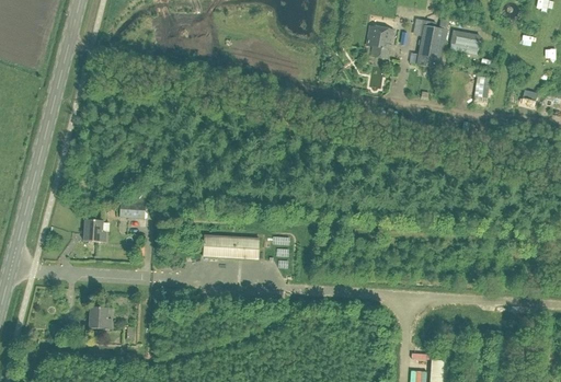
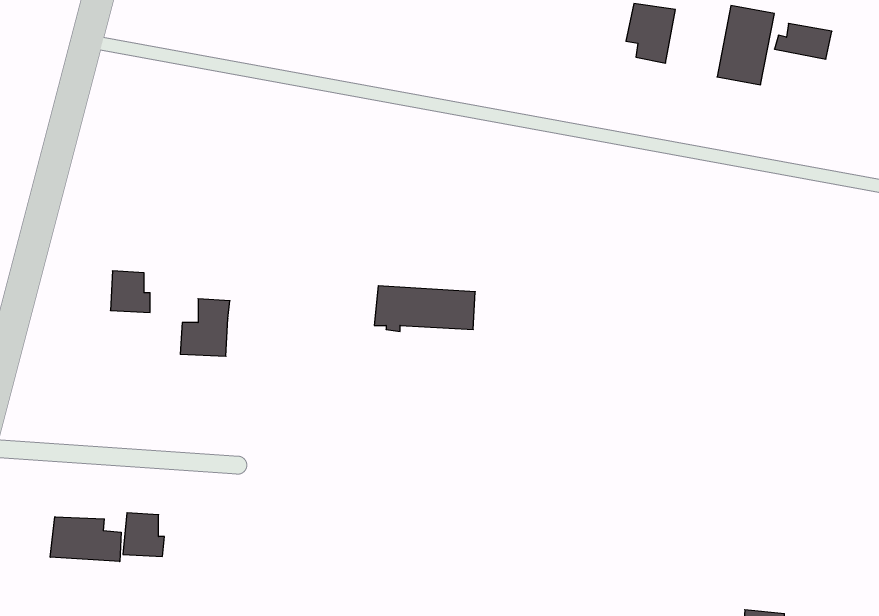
building: [82,218,104,241] -> [110,271,150,312]
building: [202,234,257,259] -> [374,286,475,331]
building: none -> [50,517,121,562]

